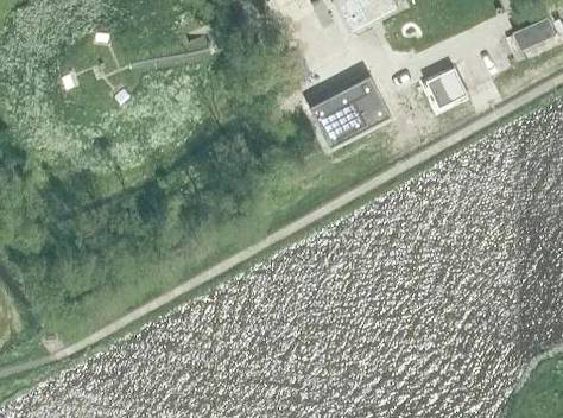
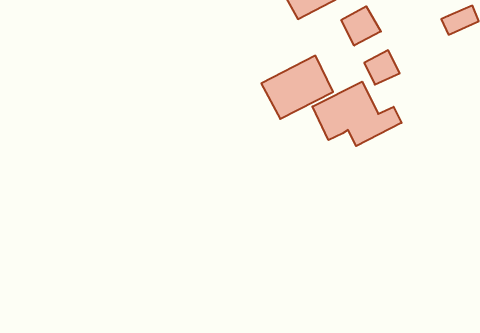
building: none -> [341,6,381,46]
building: none -> [312,82,402,146]

